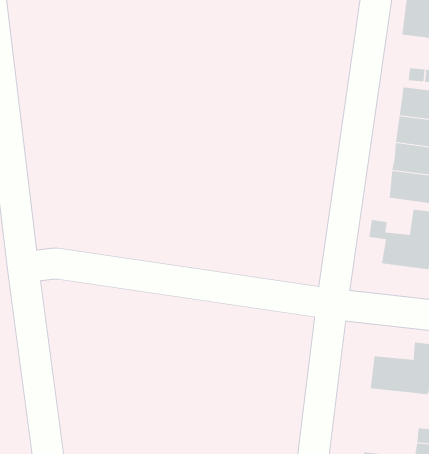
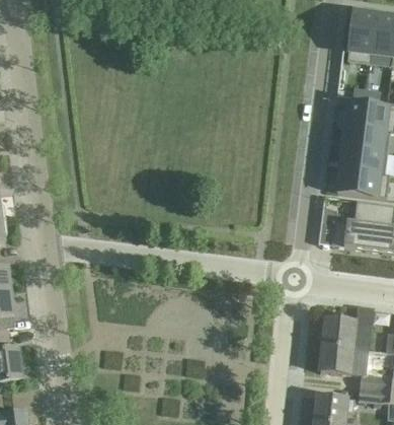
building: none -> [320,344,352,373]

